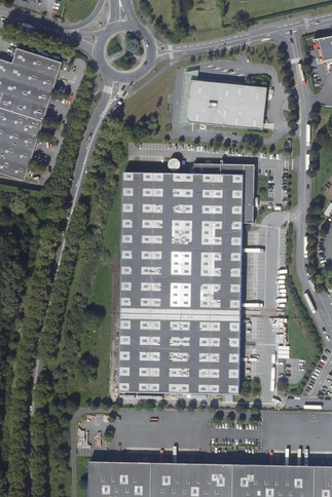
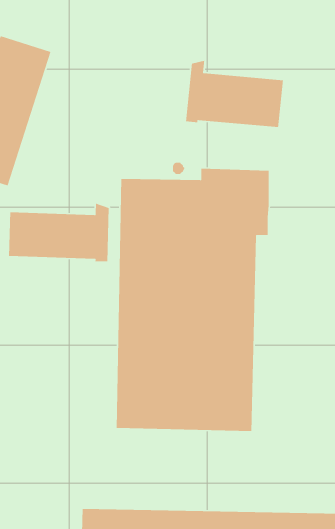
building: none -> [8,202,110,262]

